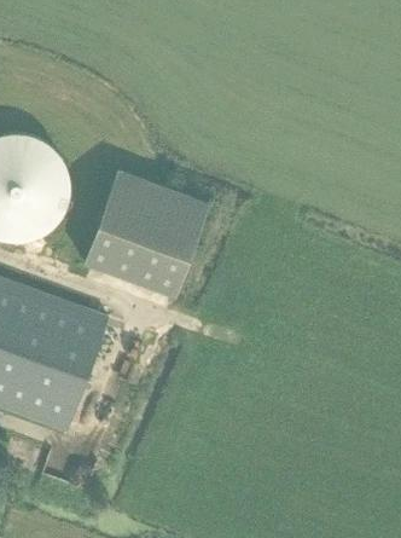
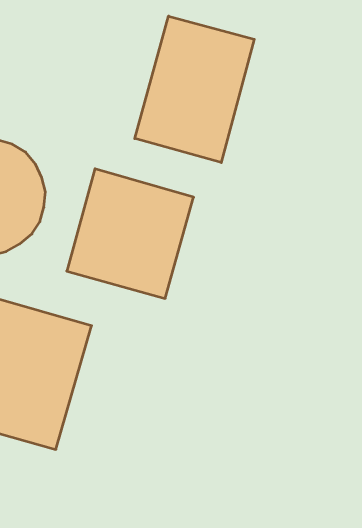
building: none -> [135,16,254,163]

